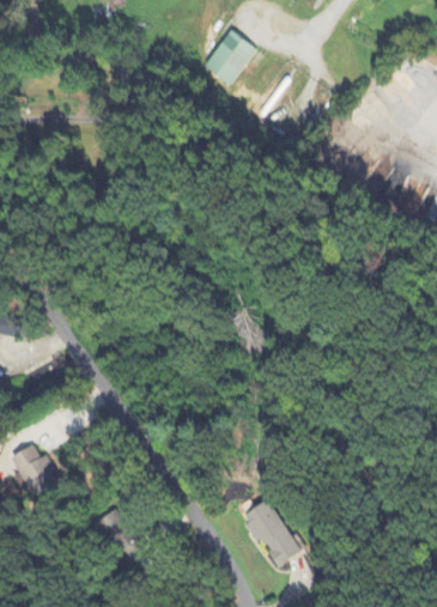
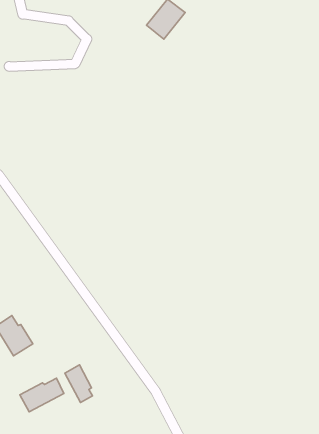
building: [243,499,299,567] -> none
building: none -> [20,378,64,412]

